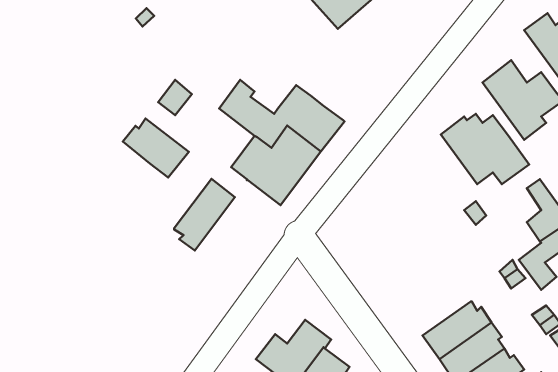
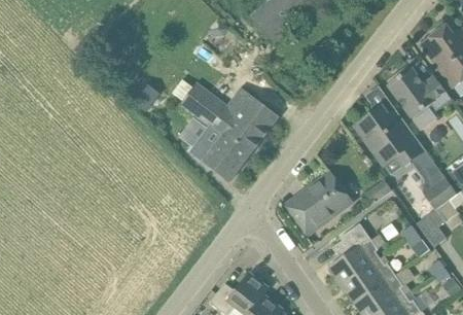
building: [123,118,189,178] -> none
building: [174,179,235,250] -> none
building: none -> [284,172,352,235]
building: none -> [328,222,379,284]

